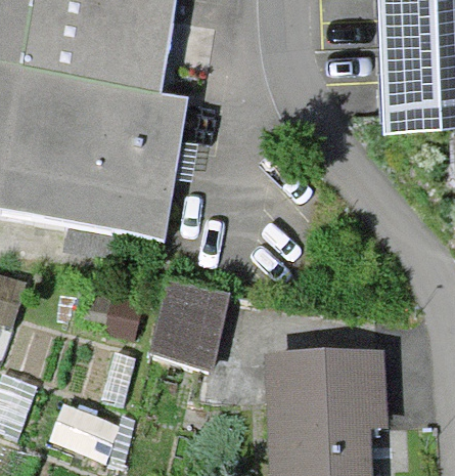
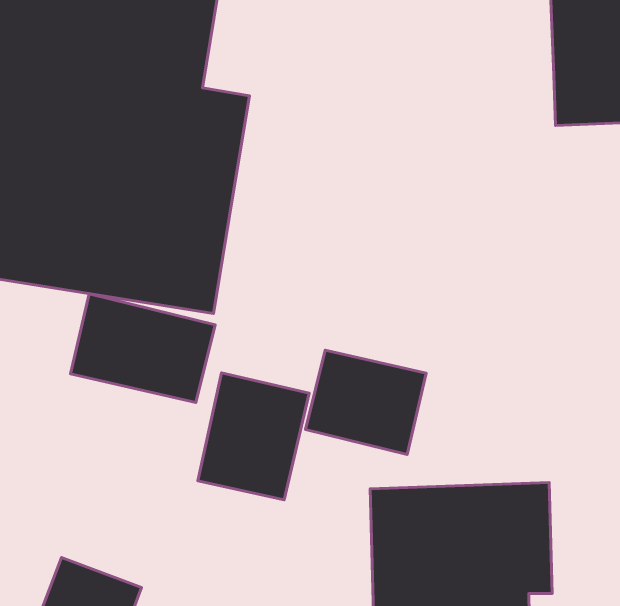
building: none -> [71,294,215,403]
building: none -> [306,350,426,454]

